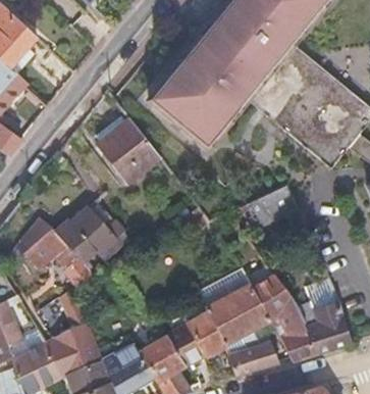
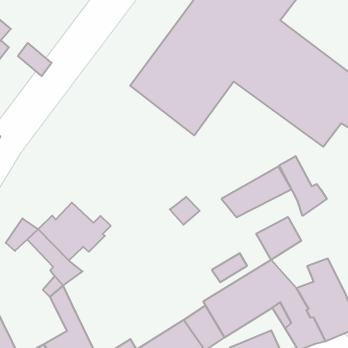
building: [98,120,158,184] -> none
building: none -> [279,156,327,216]
building: none -> [256,217,301,260]

